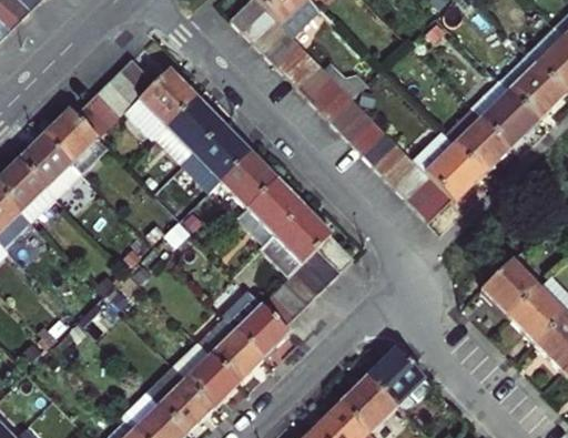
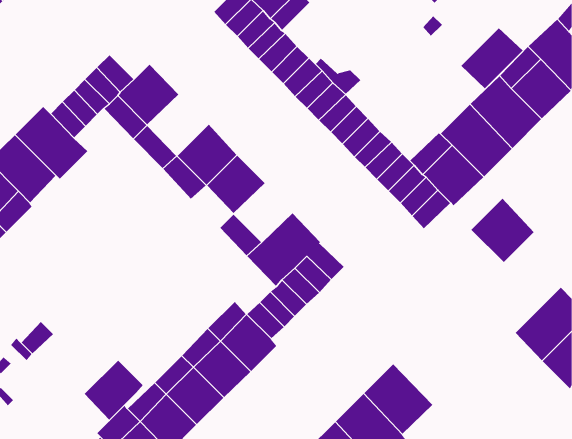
building: none -> [460,28,523,89]
building: [166,95,224,153] -> none
building: [247,179,303,234] -> none
building: [480,258,540,319] -> [471,198,534,263]
building: none -> [84,360,143,421]

